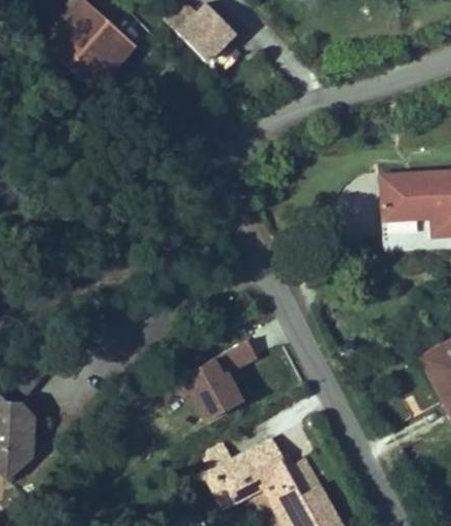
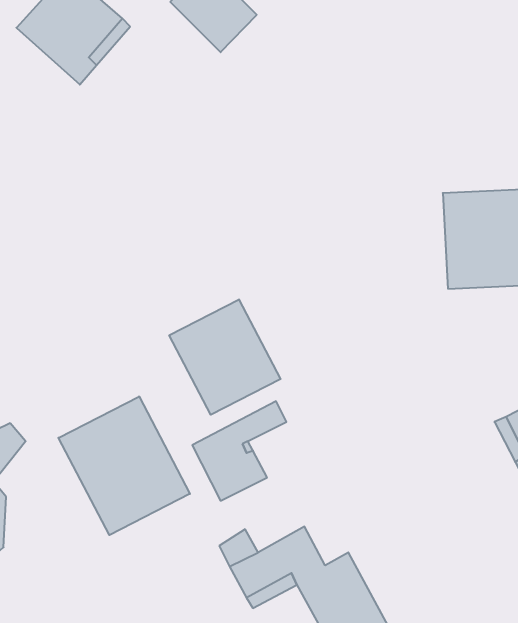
building: none -> [169,299,281,415]
building: none -> [58,396,190,535]

